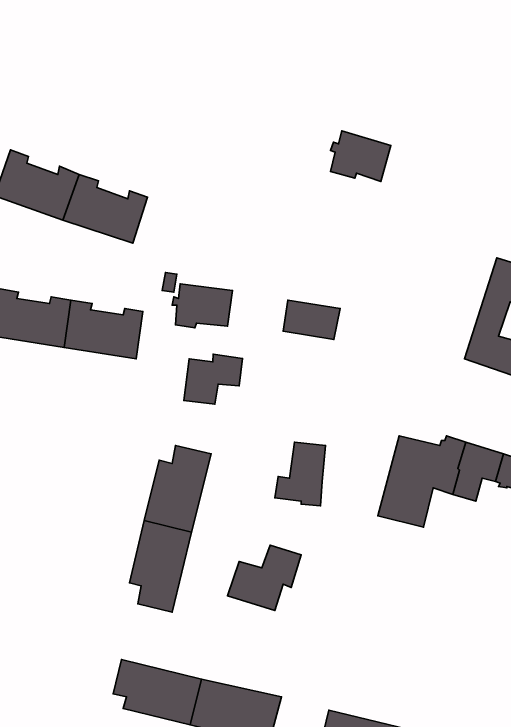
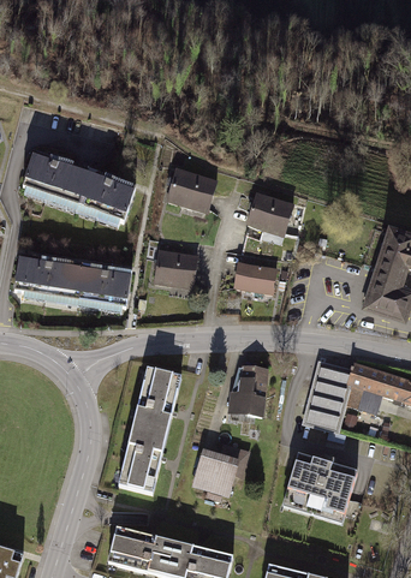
building: [330,131,391,181] -> [248,193,292,231]
building: none -> [167,169,216,207]
building: [184,354,242,404] -> none
building: none -> [285,454,357,514]

